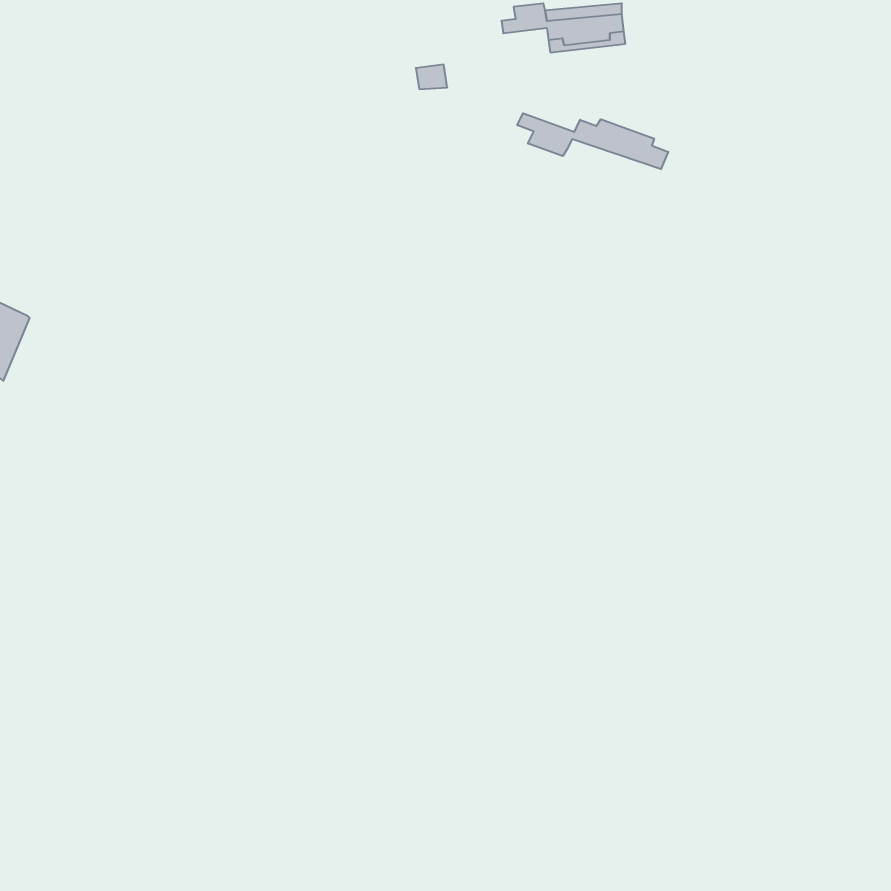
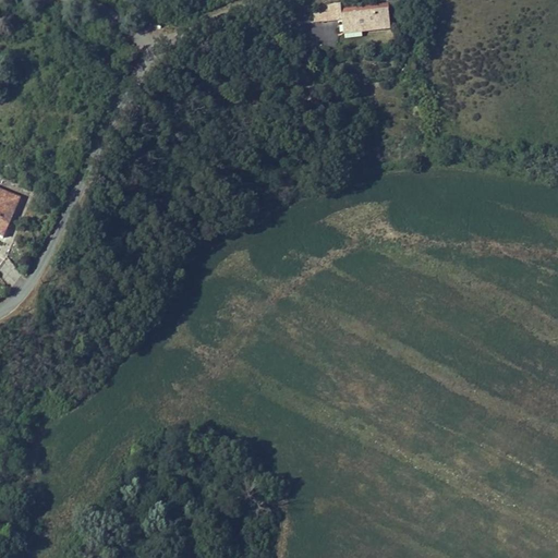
building: [517,113,668,169] -> none

